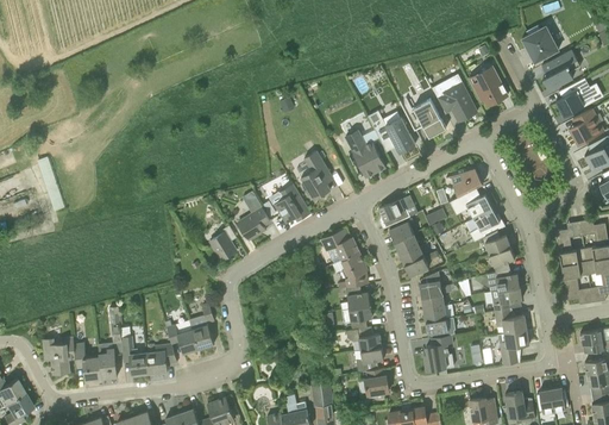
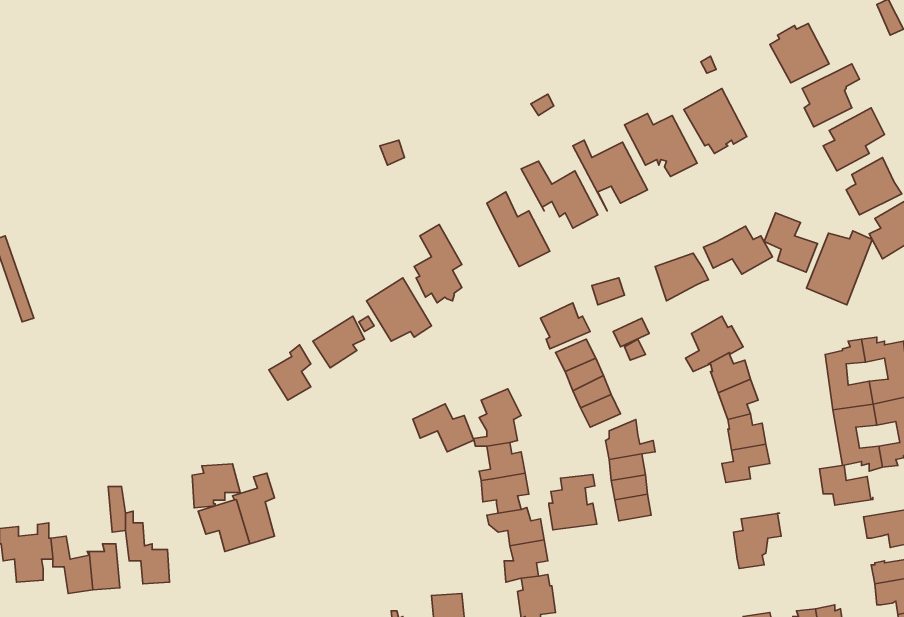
building: none -> [806,231,872,305]
building: [448,188,491,218] -> [704,226,772,274]
building: [320,230,358,260] -> [413,404,474,452]
building: [494,308,527,333] -> [819,465,873,505]
building: [423,336,453,370] -> [549,474,597,530]
building: [146,345,176,373] -> [192,464,240,508]

